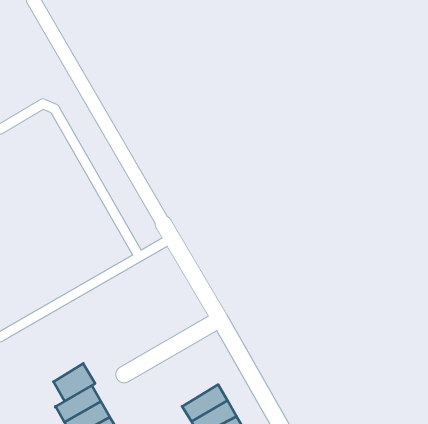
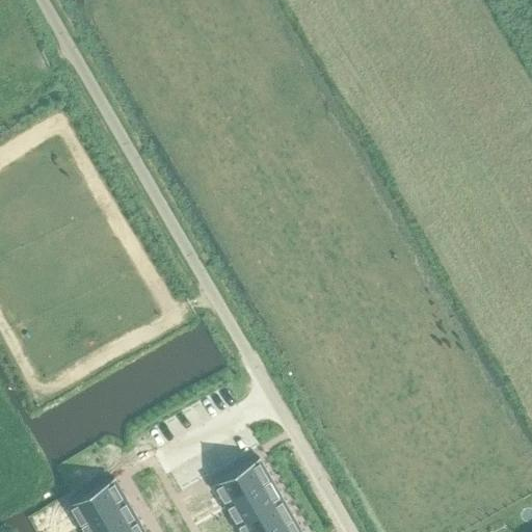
building: [53,363,95,401] -> none
building: none -> [215,462,271,509]

